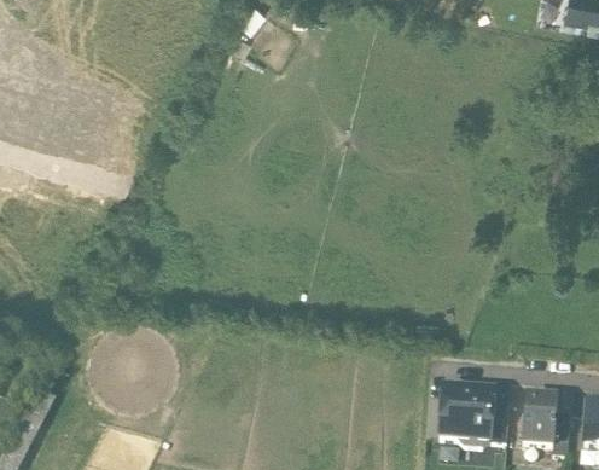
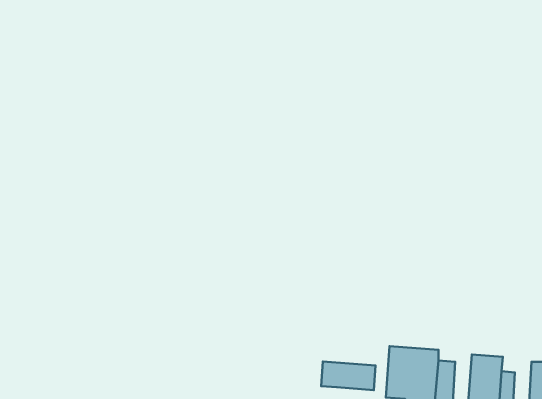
building: none -> [321,362,376,390]

